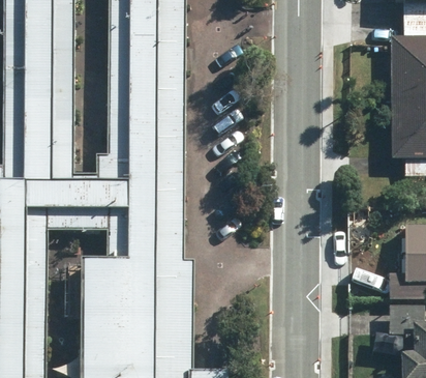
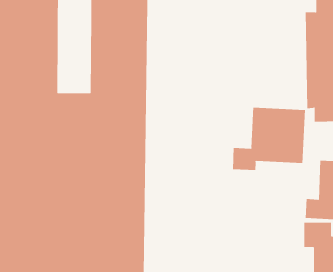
building: none -> [233,107,305,171]

